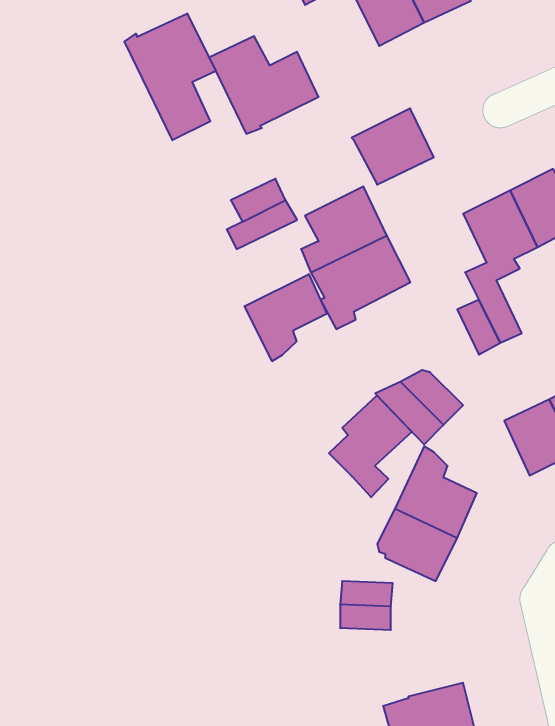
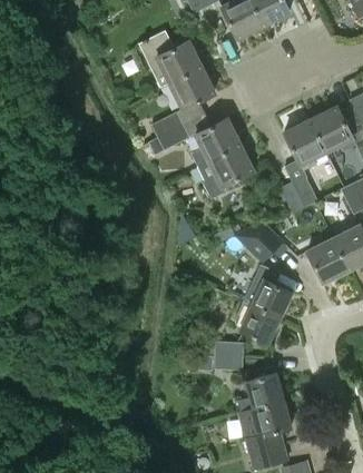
building: [124,13,216,140] -> none
building: [352,108,434,185] -> [168,66,215,109]
building: [245,274,327,361] -> none
building: [329,395,412,497] -> none
building: none -> [245,372,284,407]

